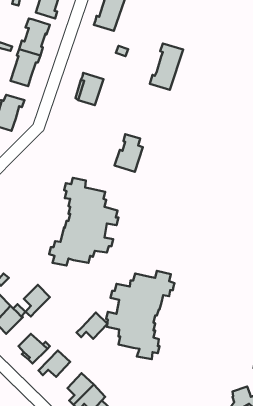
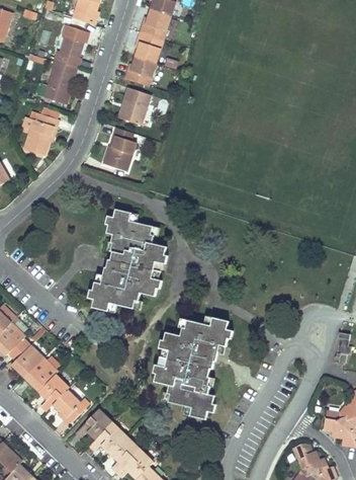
building: [150,43,183,90] -> [124,32,163,86]
building: [115,134,143,172] -> [103,128,136,171]
building: [24,285,50,316] -> [38,374,69,410]
building: [77,312,107,339] -> [90,422,125,453]

